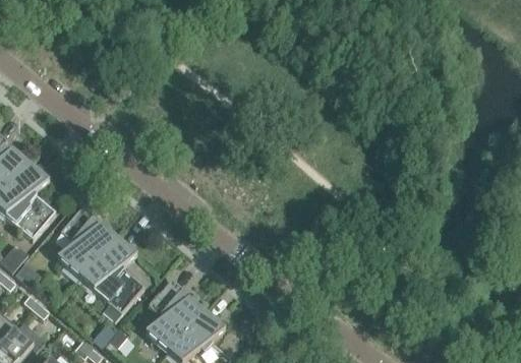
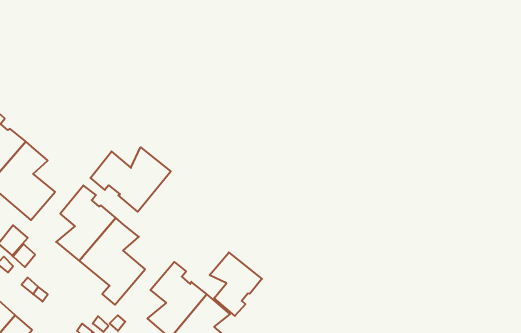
building: none -> [90,147,171,212]
building: none -> [210,252,262,316]

